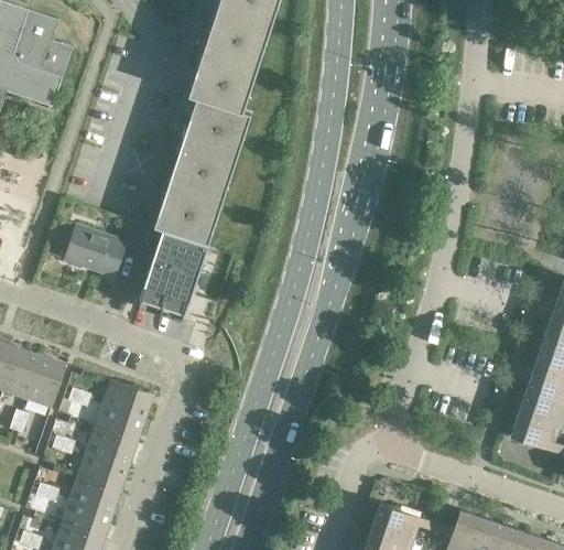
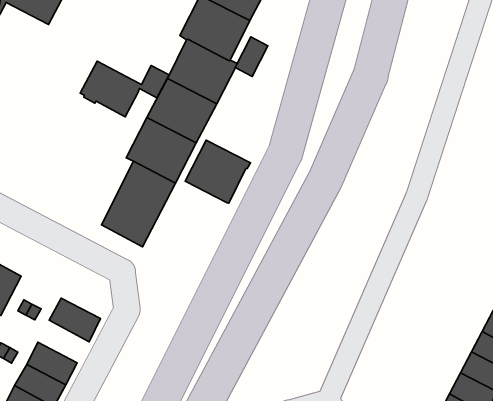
building: none -> [235,37,268,76]
building: none -> [185,140,251,203]
building: [64,219,151,276] -> [80,61,169,117]
building: [94,403,145,442] -> none

